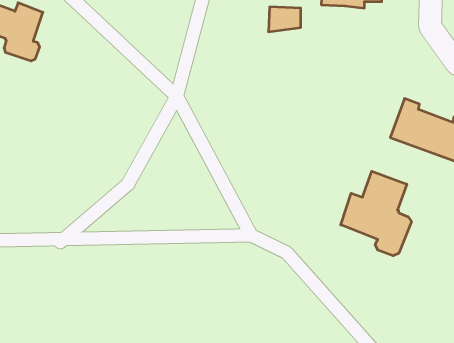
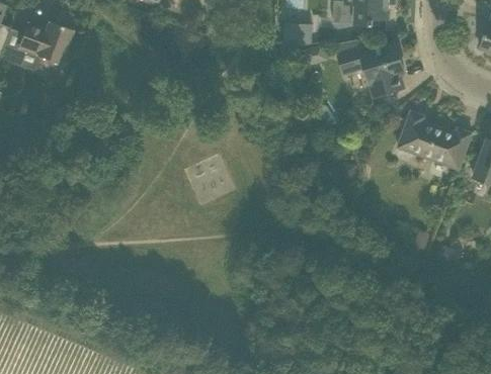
building: none -> [338,43,404,98]
building: [341,171,411,256] -> none

